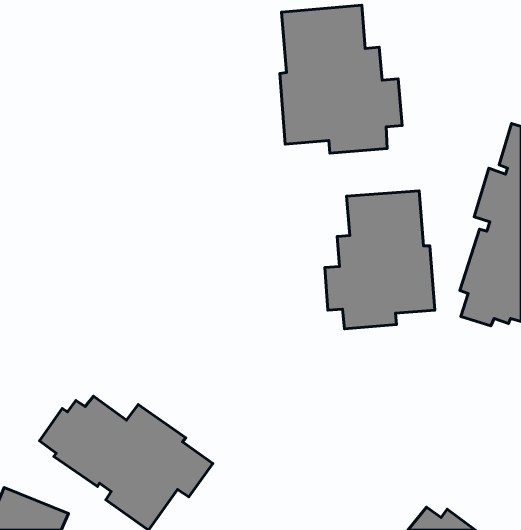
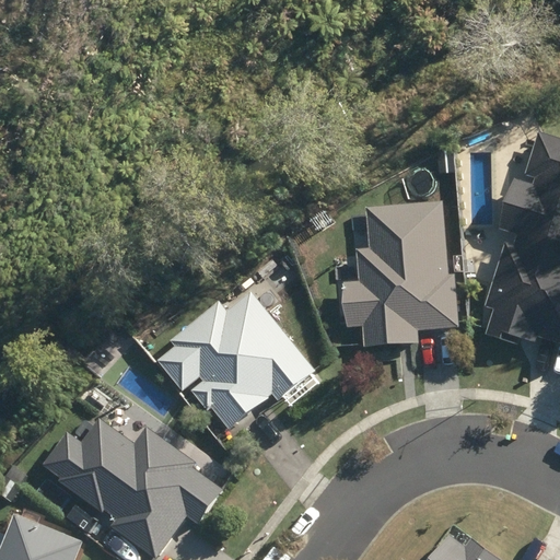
building: [280,5,402,153] -> none
building: none -> [156,291,315,430]

